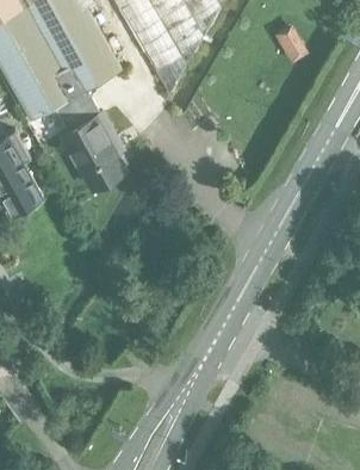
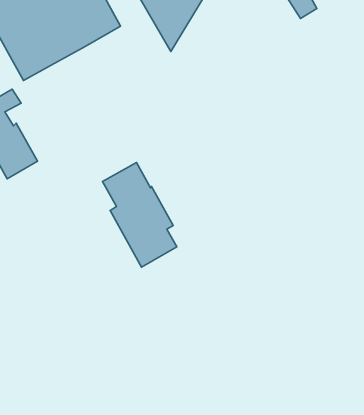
building: [56,88,126,187] -> [103,162,177,267]

